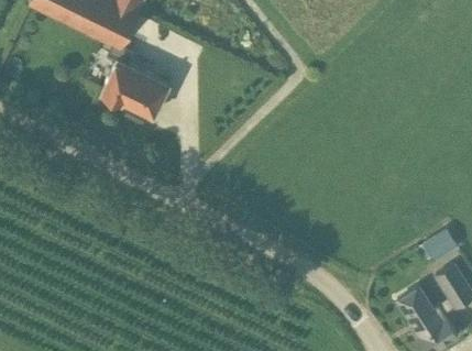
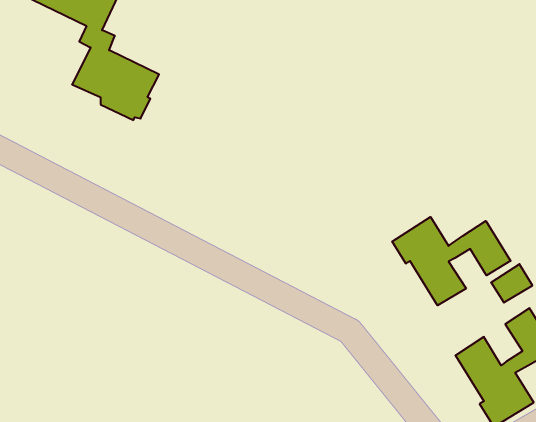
building: none -> [392,217,511,305]

